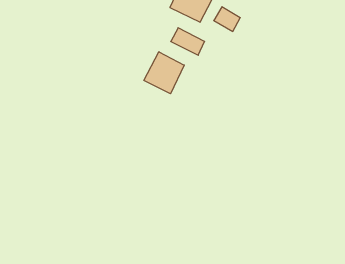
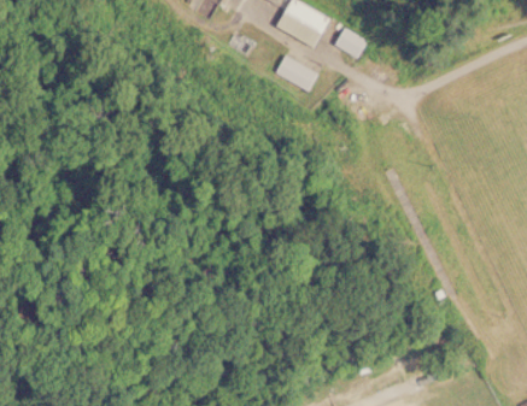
building: [144,52,184,94] -> none

